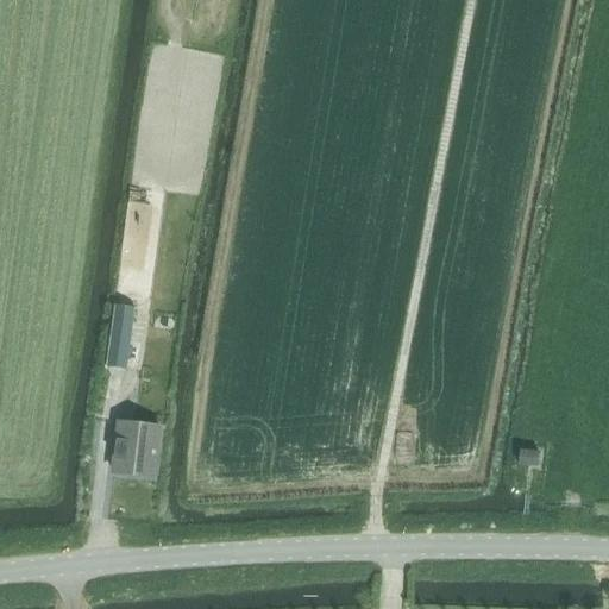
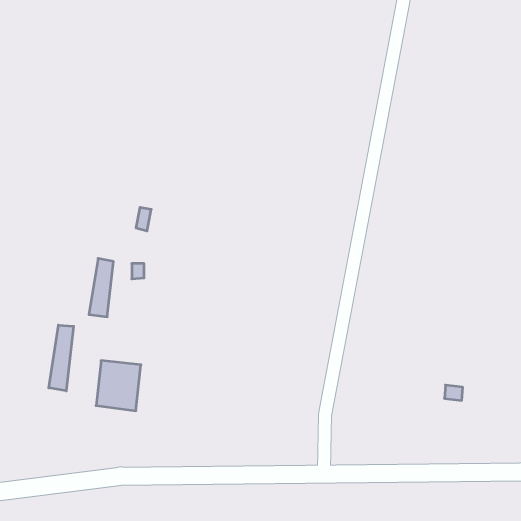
building: none -> [49,325,74,391]

